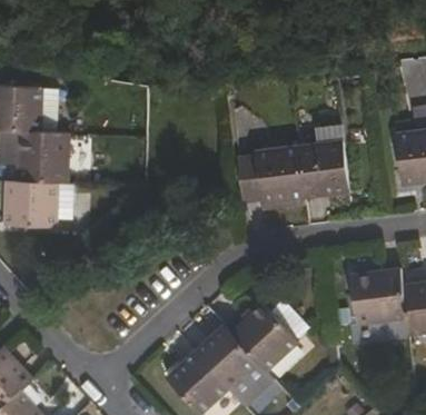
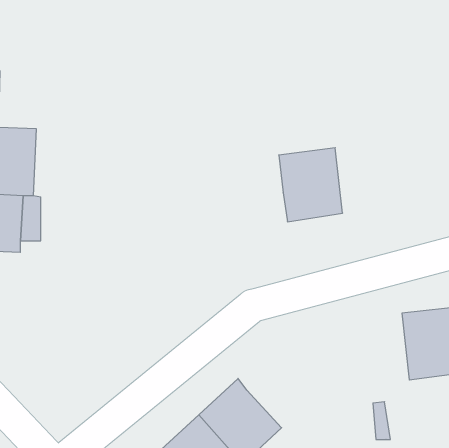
building: [298,141,348,197] -> none
building: [230,299,308,372] -> none

